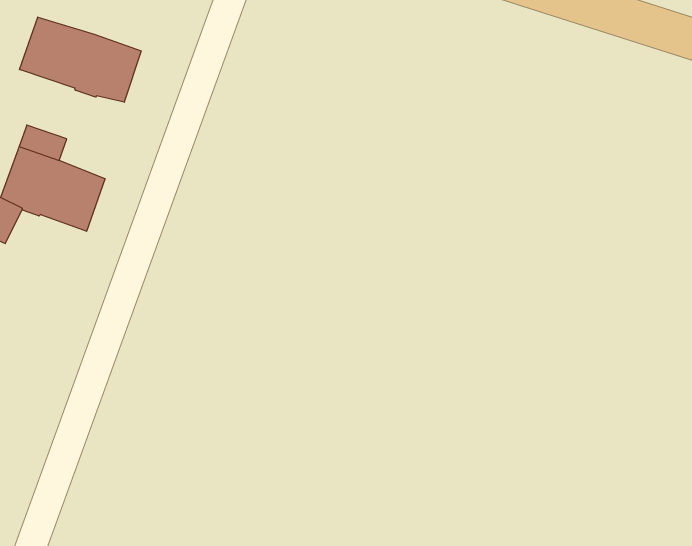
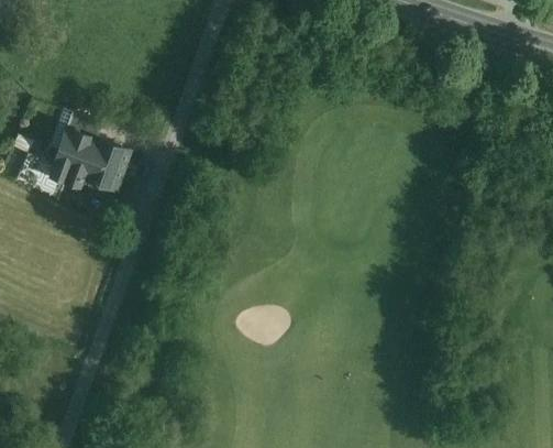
building: [20,17,141,102] -> none

